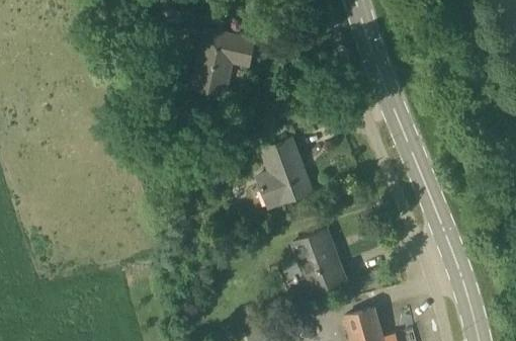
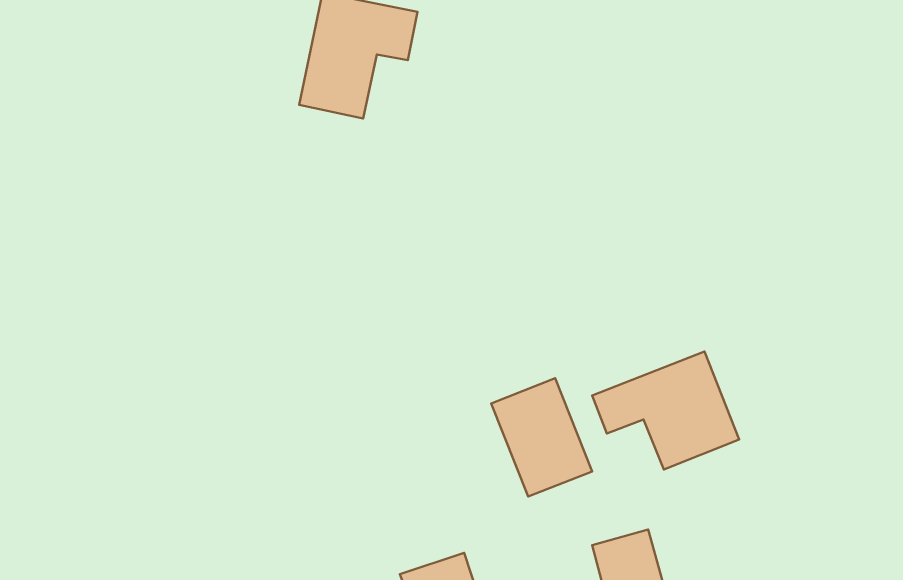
building: [255,139,313,208] -> none
building: none -> [592,351,739,470]

